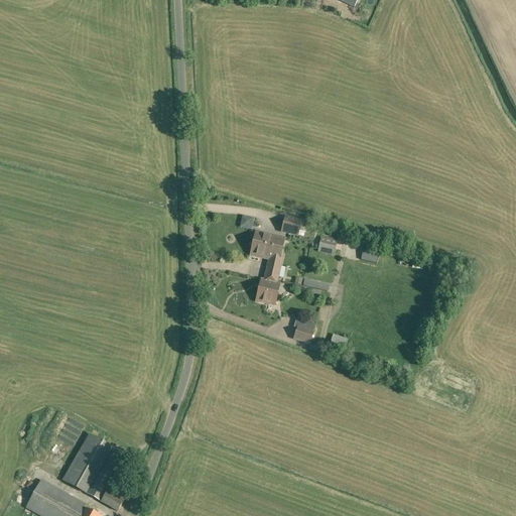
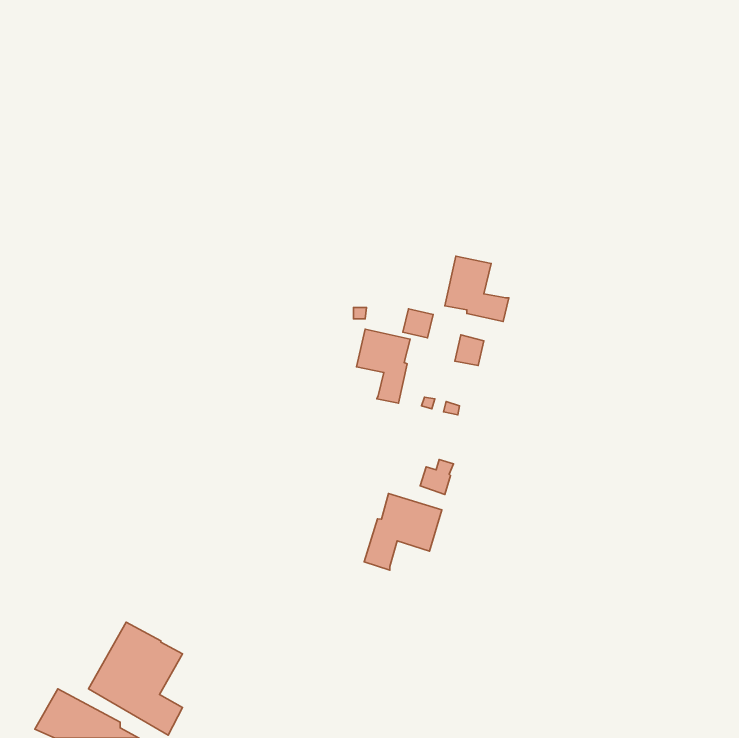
building: none -> [445,256,509,322]
building: [254,277,280,305] -> none
building: none -> [364,494,442,570]

